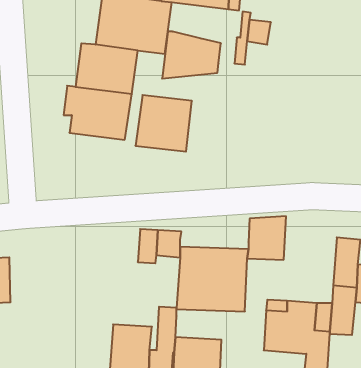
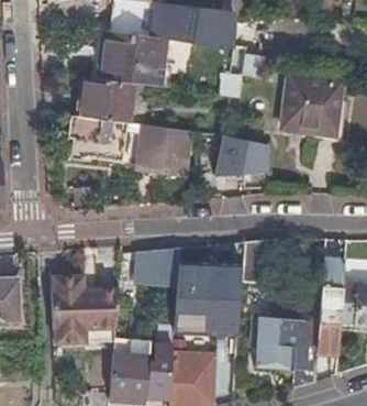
building: [162,32,221,79] -> [213,135,268,179]
building: none -> [281,74,341,134]
building: none -> [52,274,120,342]

